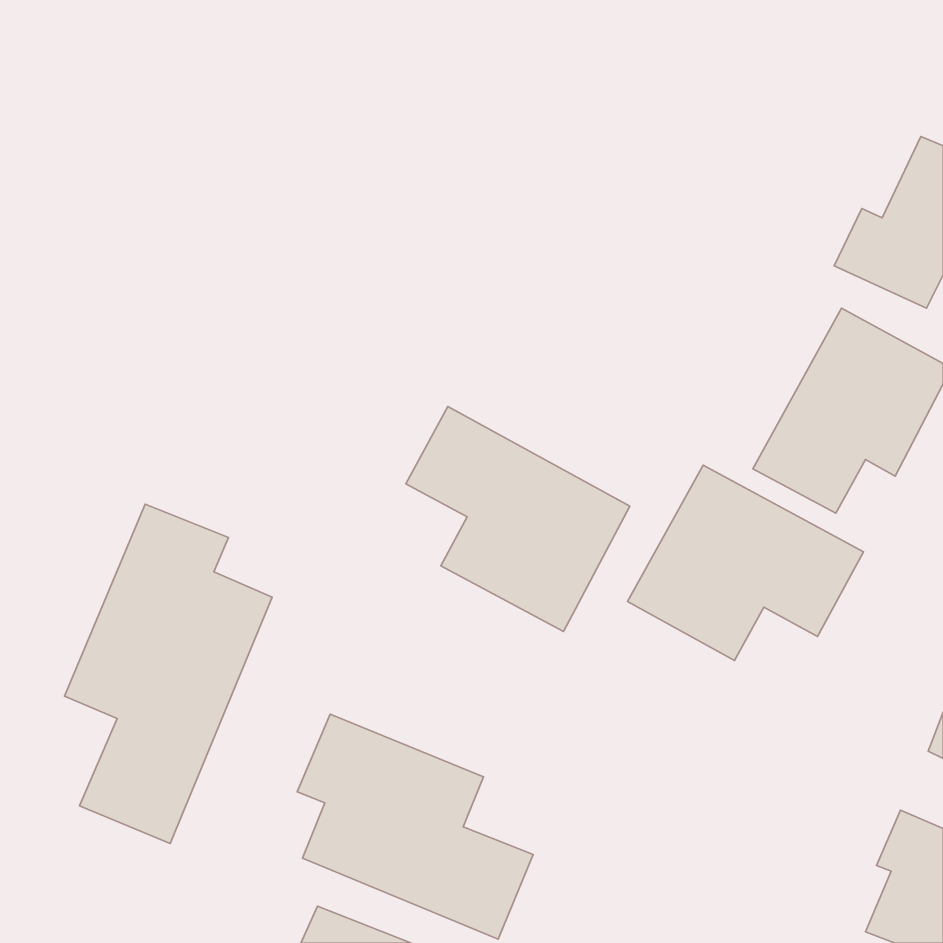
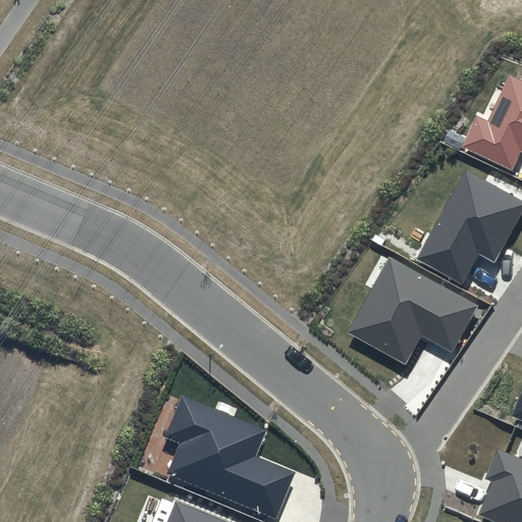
building: [406,407,630,632] -> none
building: [64,504,272,843] -> none

